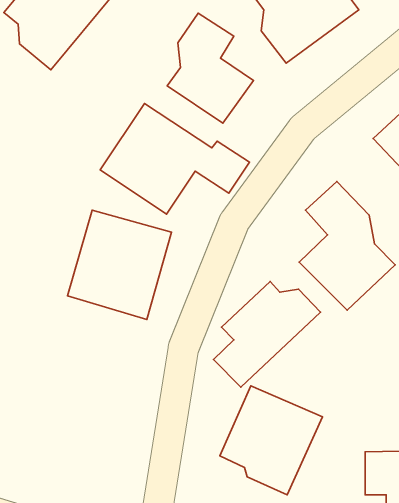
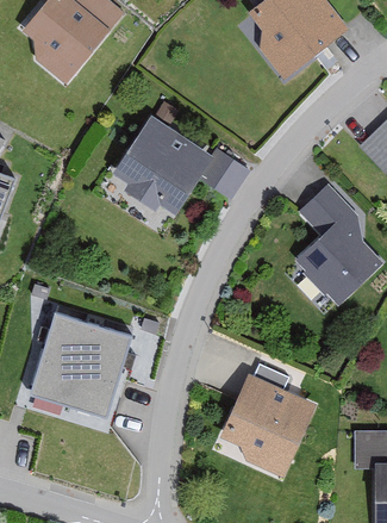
building: [167,13,254,123] -> none
building: [67,210,171,319] -> [30,313,125,413]
building: [213,281,320,387] -> none

